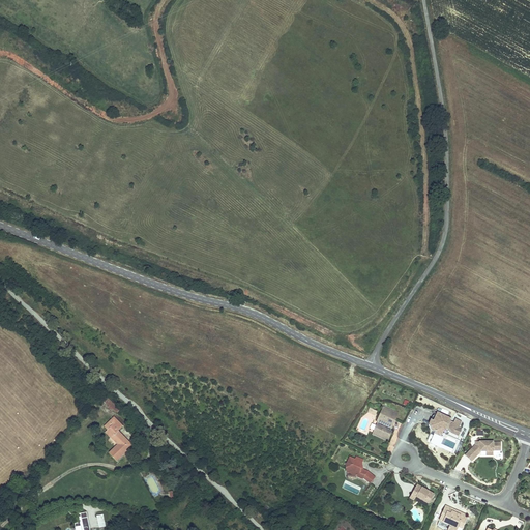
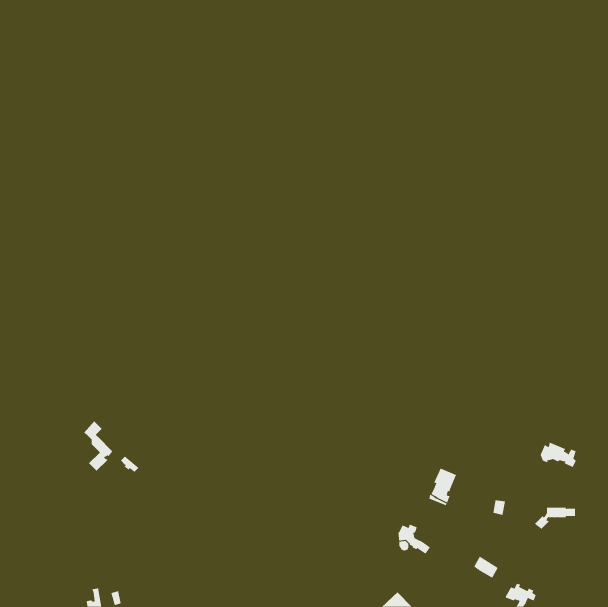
building: [429,412,461,435] -> [540,442,577,468]
building: [105,416,130,461] -> [84,420,113,472]

